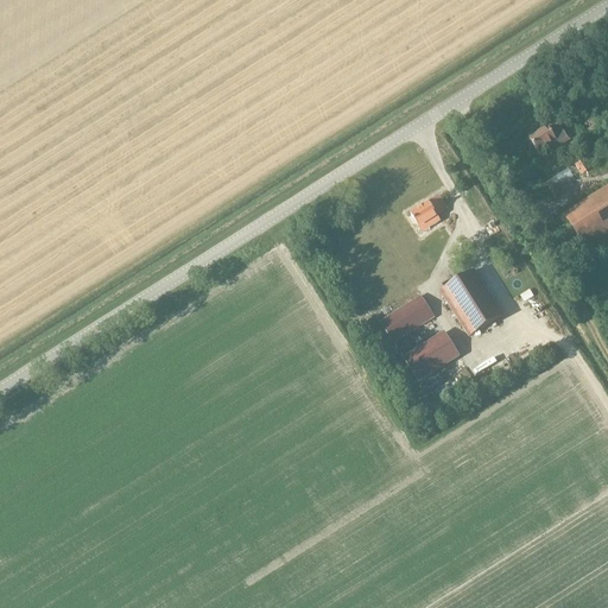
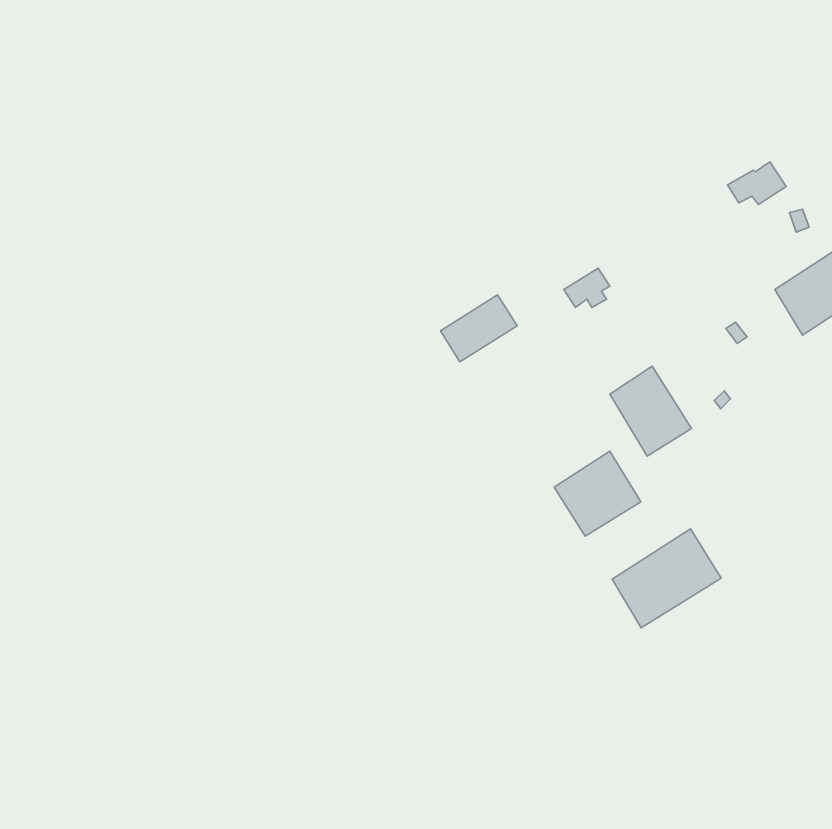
building: [381,291,437,340] -> [440,295,517,362]
building: none -> [612,529,721,628]

